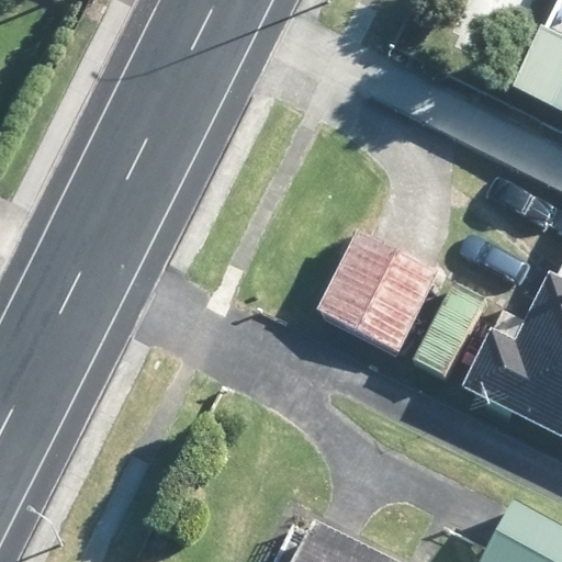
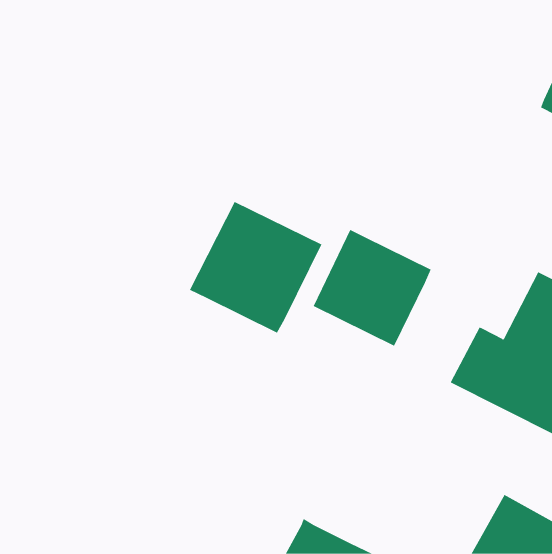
building: none -> [189,201,322,333]

